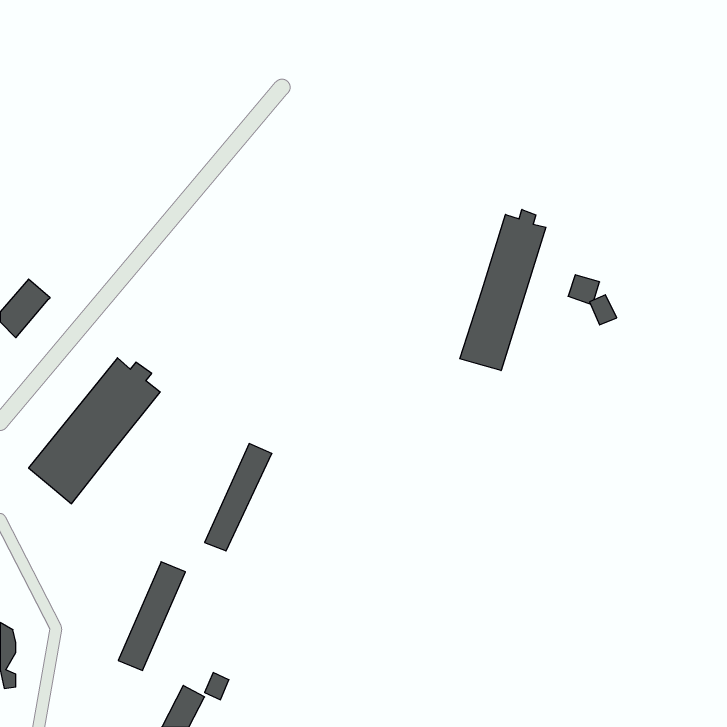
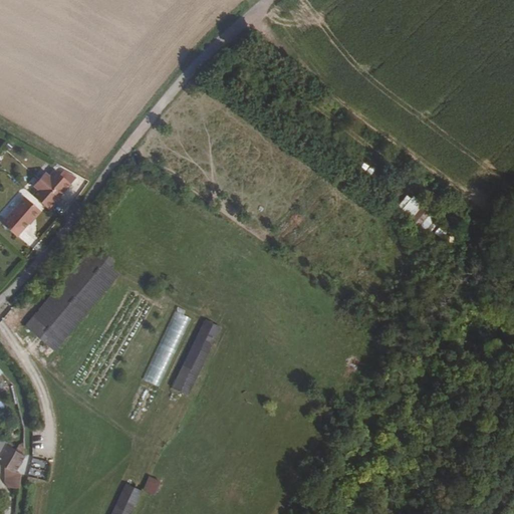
building: [460,209,546,371] -> none
building: none -> [32,170,69,210]
building: [118,562,185,670] -> [171,320,218,397]

